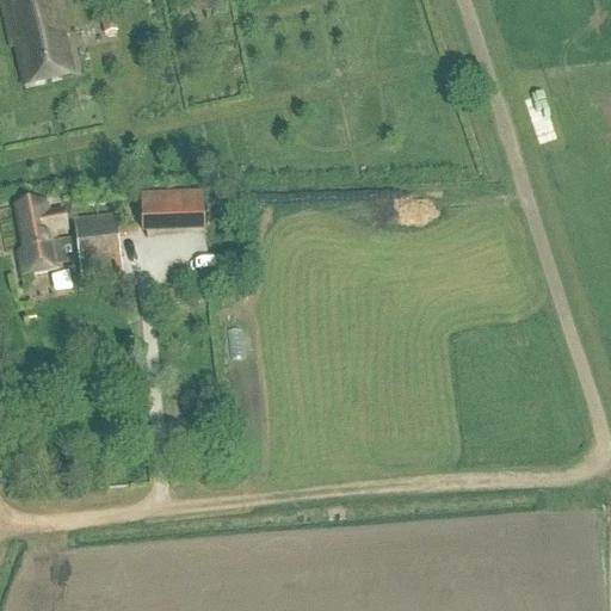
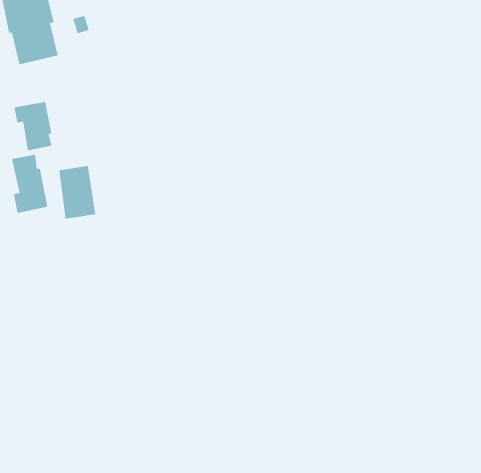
building: none -> [14,101,52,151]
building: [141,187,205,223] -> none

